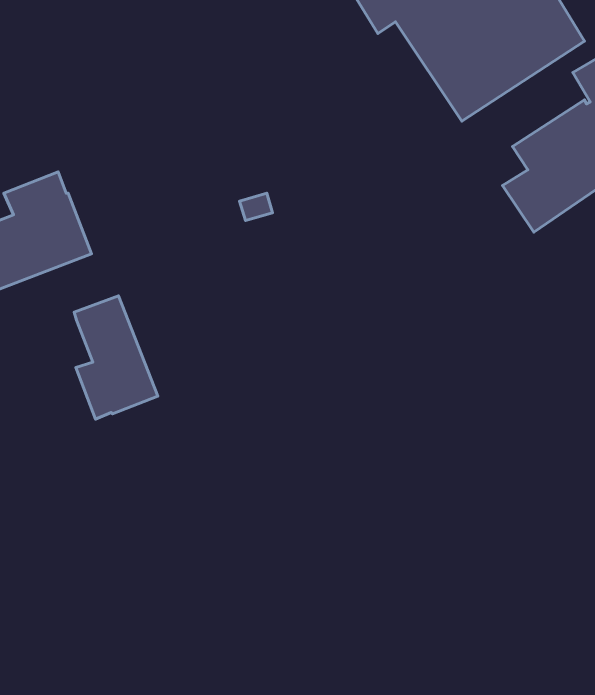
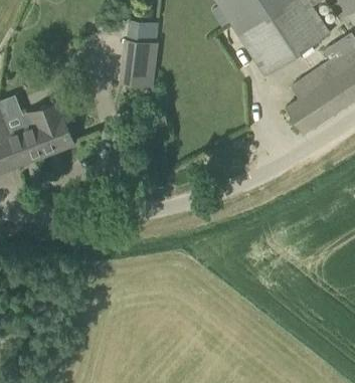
building: none -> [119,20,160,87]
building: [74,296,158,419] -> none

